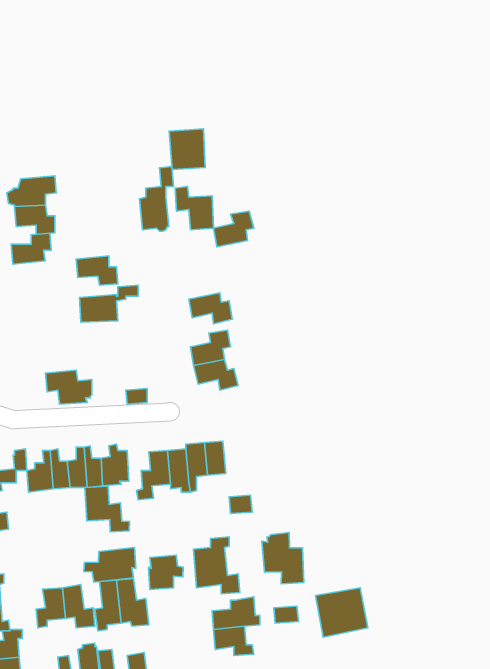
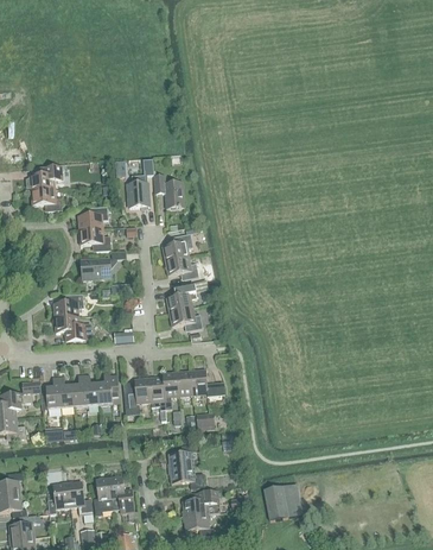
building: [169,129,205,170] -> none
building: [214,211,254,247] -> [163,233,193,260]
building: [11,233,51,264] -> [77,206,108,229]
building: none -> [53,292,84,317]
building: none -> [191,368,225,402]
building: [85,486,130,532] -> none
building: [262,532,304,584] -> none
building: [84,548,136,582] -> none
building: [148,555,183,590] -> none

